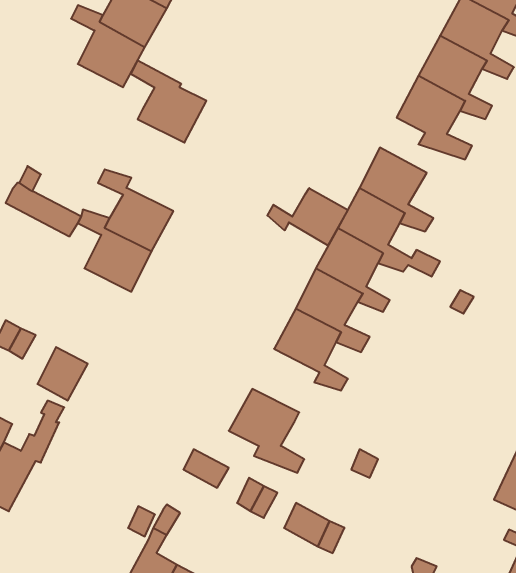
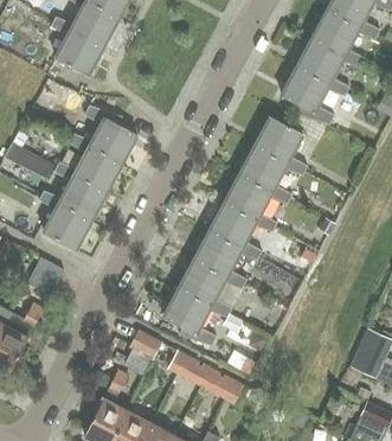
building: [131,61,206,143] -> [85,103,139,161]
building: [267,188,348,245] -> none
building: none -> [40,188,94,248]
building: none -> [179,258,231,318]

